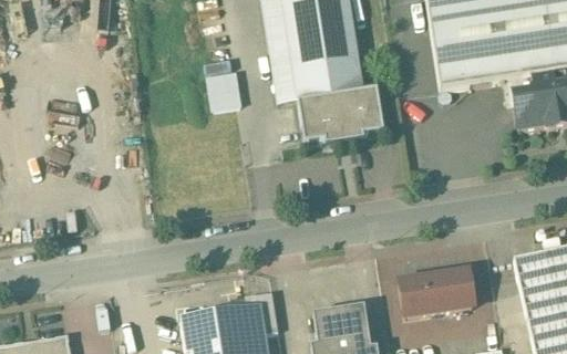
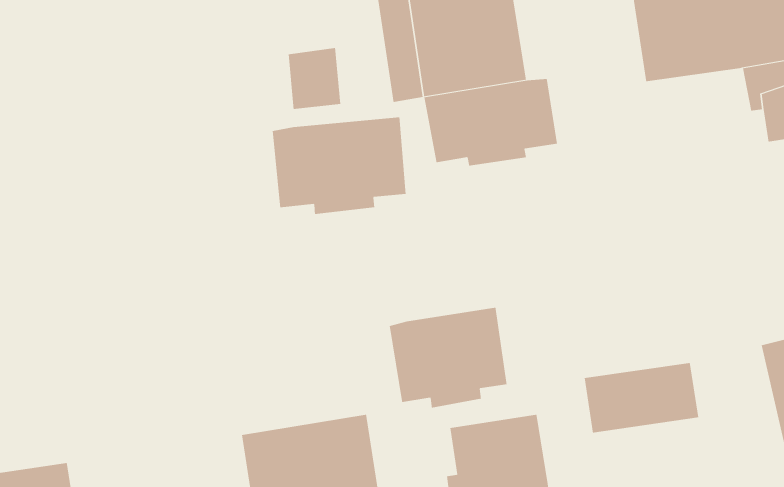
building: none -> [272,116,406,215]
building: none -> [389,307,507,409]

